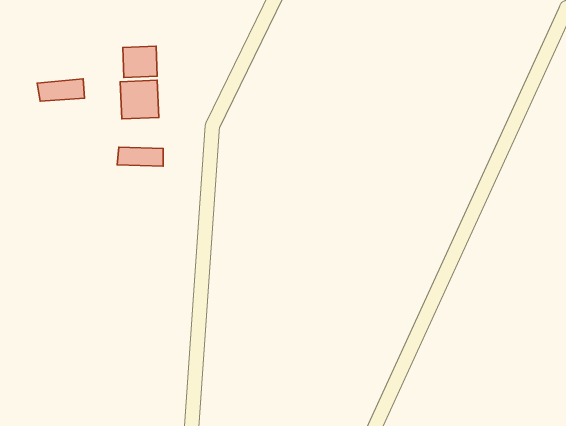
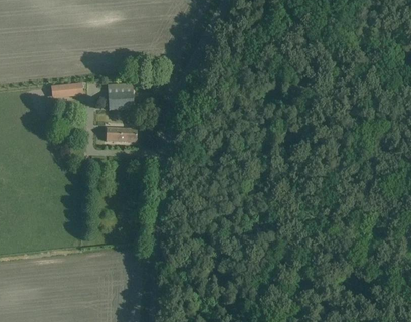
building: [123,46,157,77] -> none

